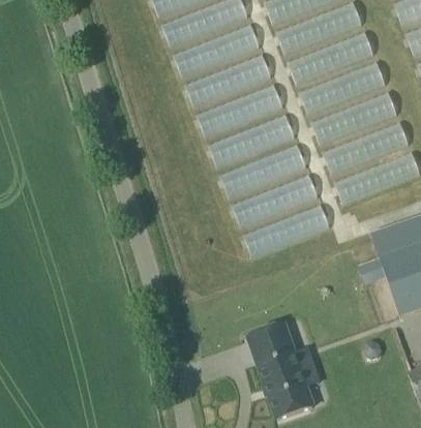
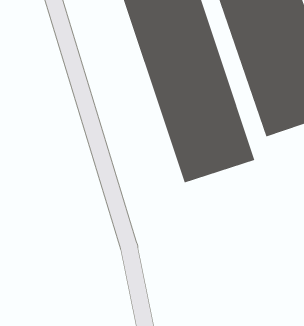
building: [259,319,323,414] -> none

